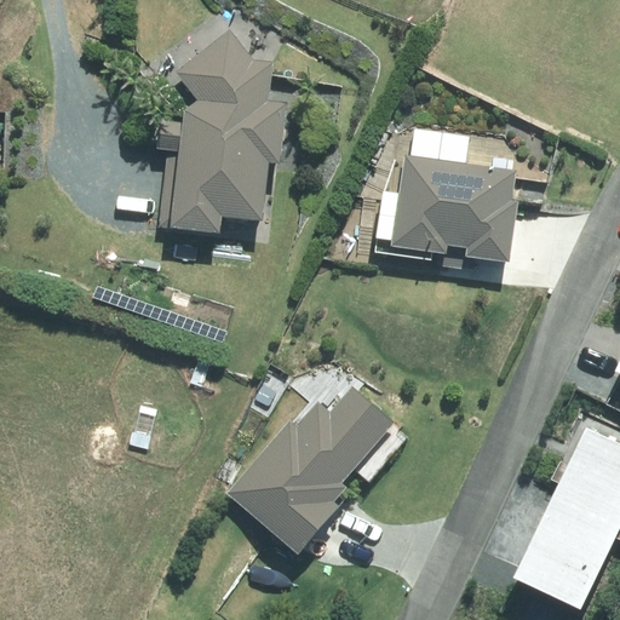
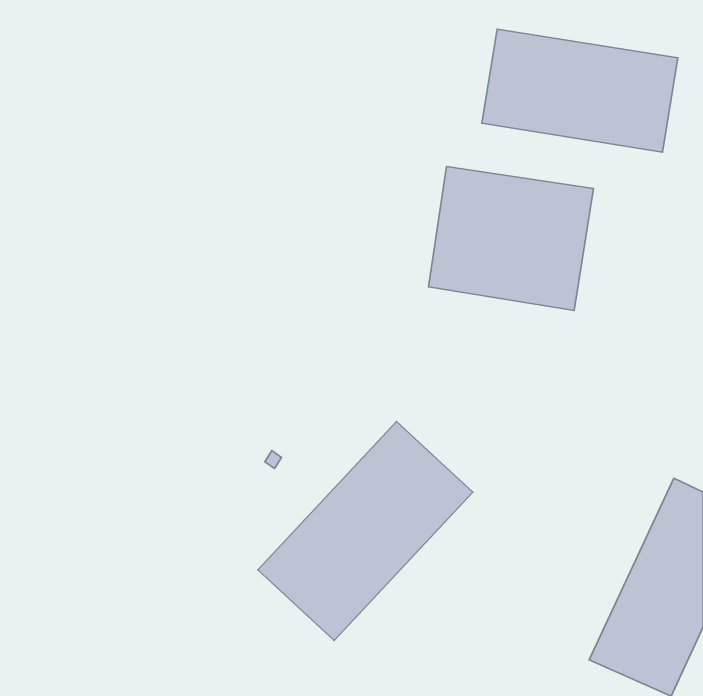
building: [156,25,286,234] -> none
building: none -> [482,29,678,152]

